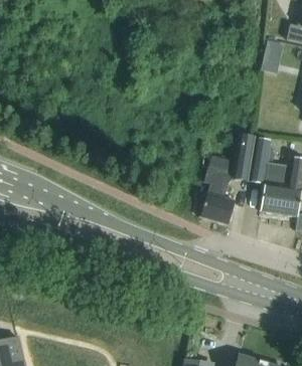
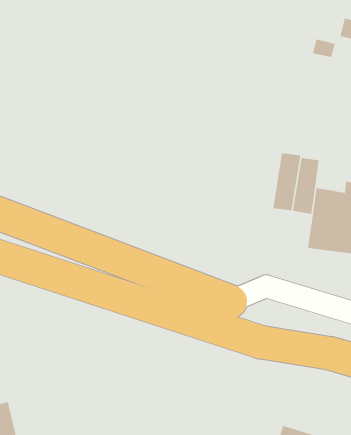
building: [199,166,235,224] -> none

